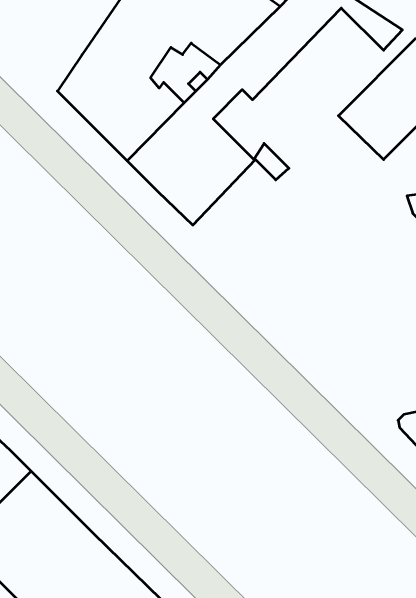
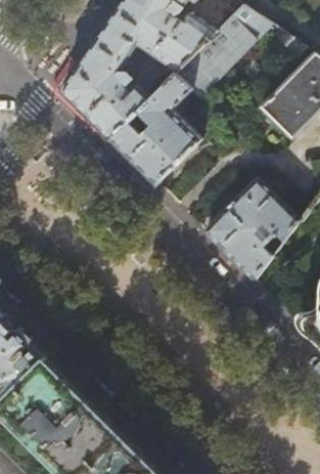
building: none -> [203,182,299,282]

